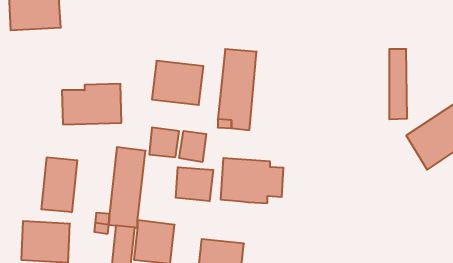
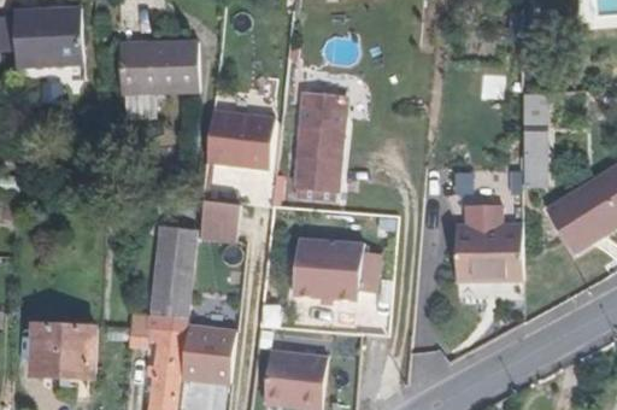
building: [62,84,121,124] -> [118,40,198,94]
building: [179,131,206,162] -> none
building: none -> [454,224,521,281]
building: [41,157,77,212] -> none
building: [176,167,213,201] -> none

